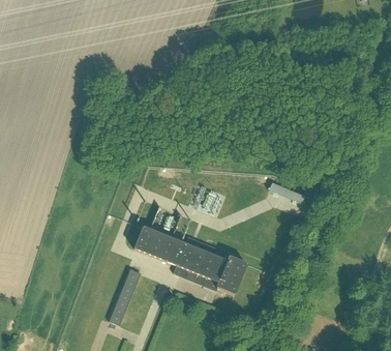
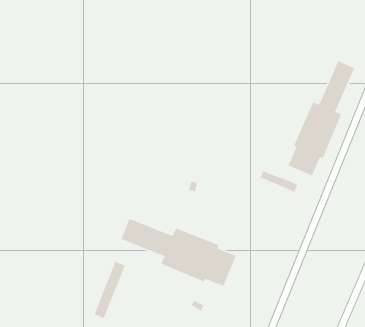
building: none -> [288,60,355,176]

